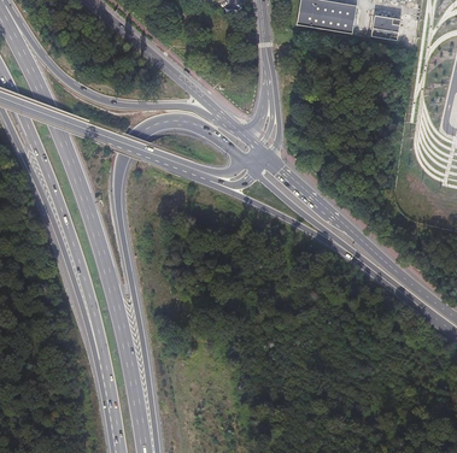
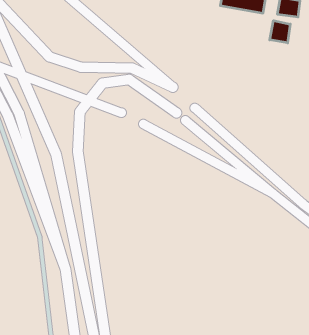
building: none -> [270,21,290,43]

